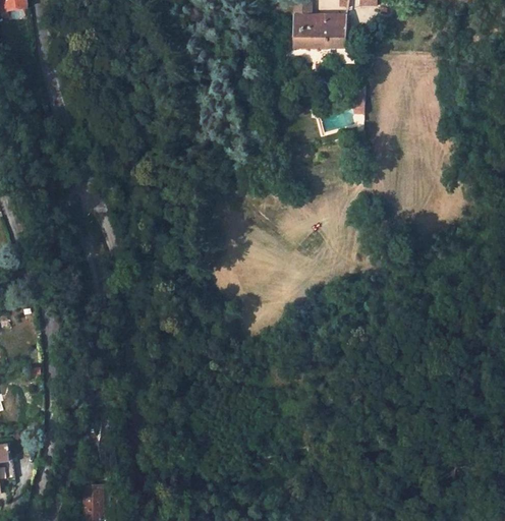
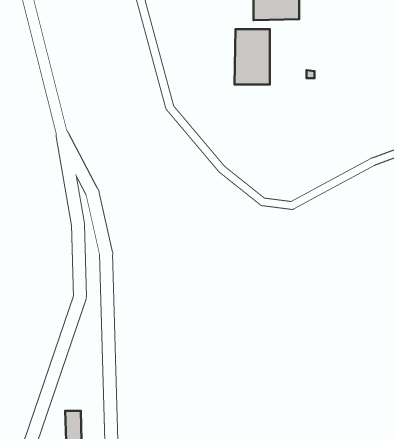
building: none -> [234,29,270,85]

